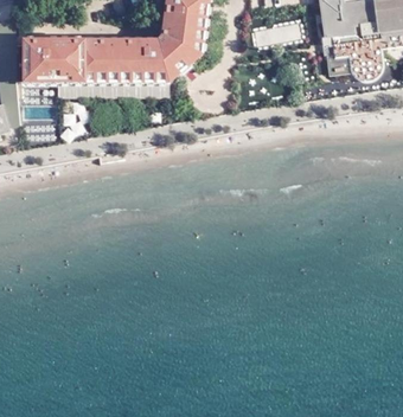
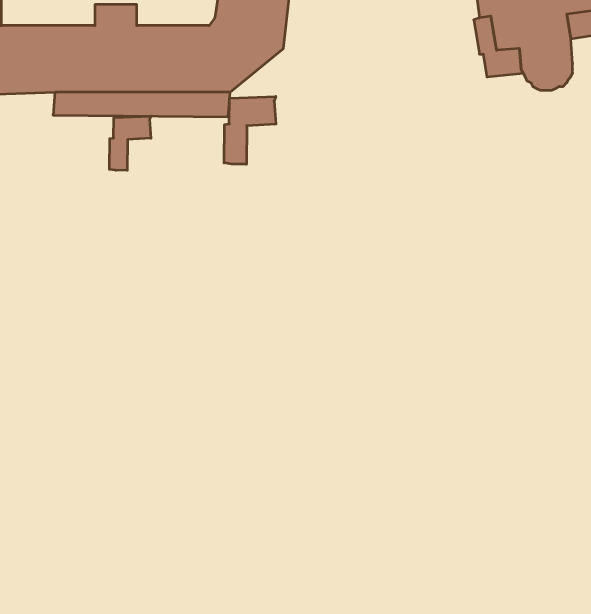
building: none -> [224,96,276,164]
building: none -> [109,116,151,170]

